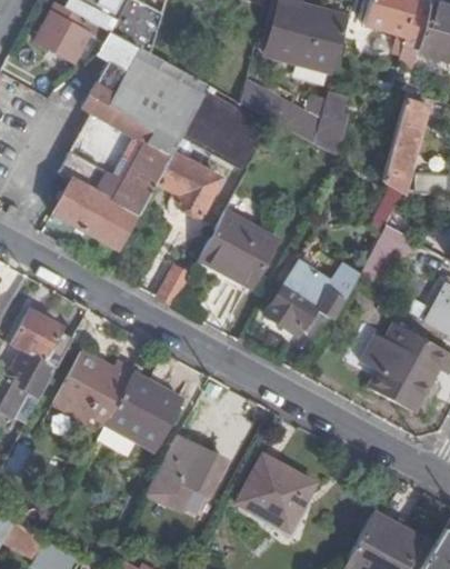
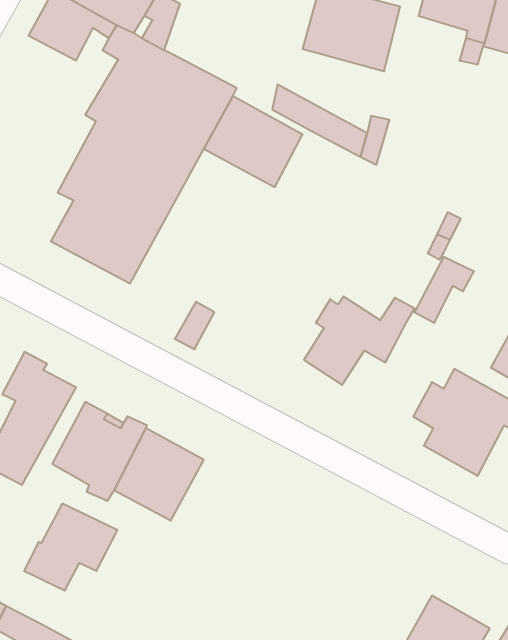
building: [381,100,426,191] -> none
building: [159,153,221,217] -> none
building: [200,212,277,289] -> none
building: [148,437,227,510] -> [24,504,118,591]
building: [238,452,316,529] -> none

